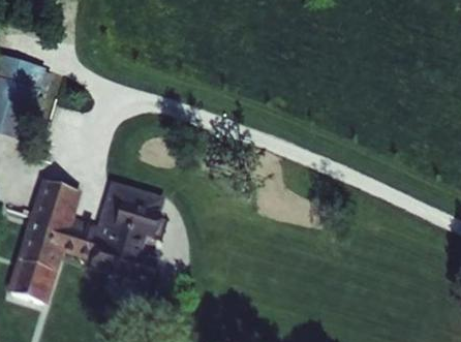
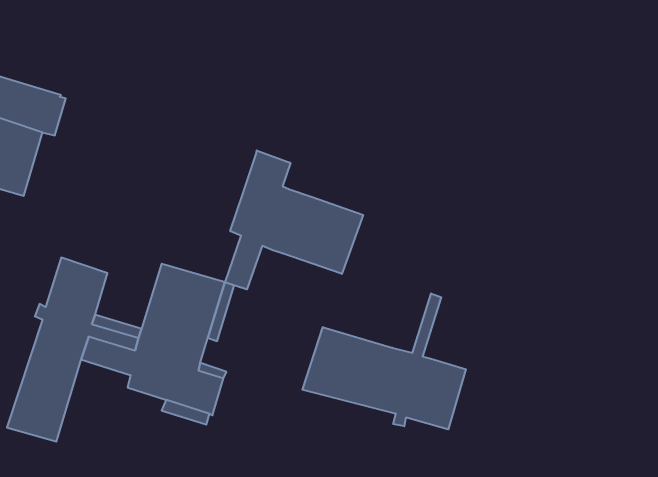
building: none -> [225,150,363,289]
building: none -> [302,293,466,429]

